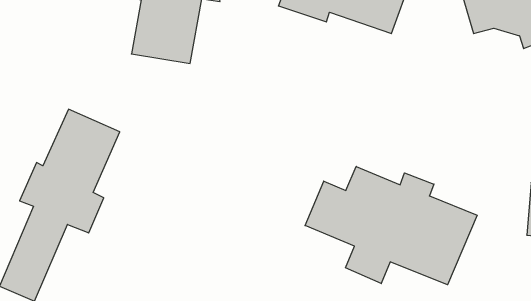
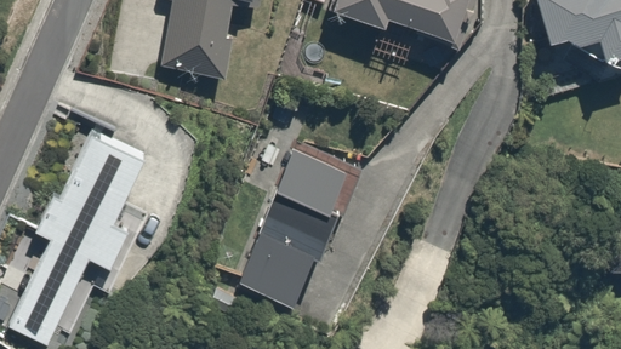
building: none -> [238,150,352,307]
building: [305,166,477,285] -> none

